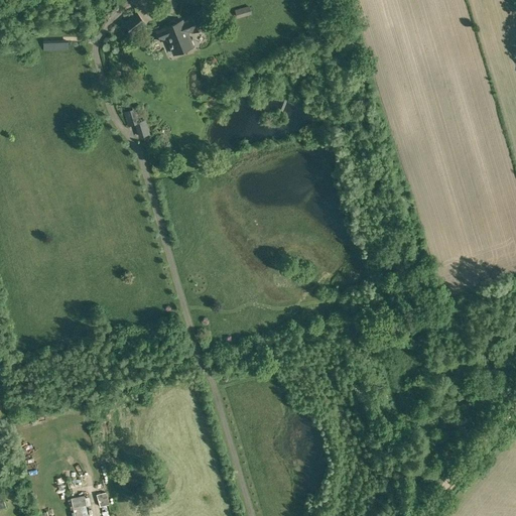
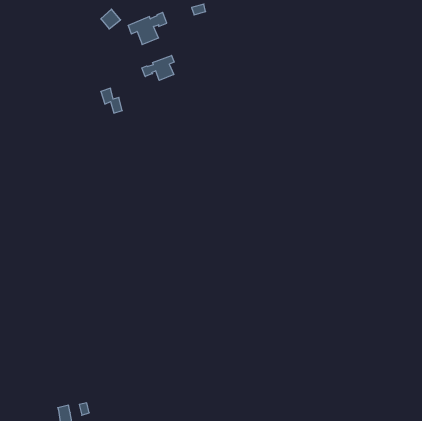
building: none -> [142,55,174,80]

